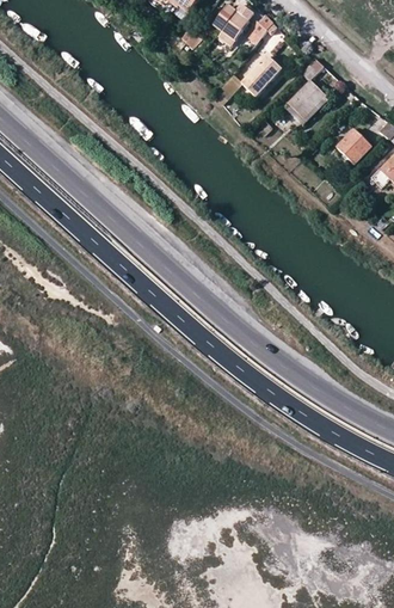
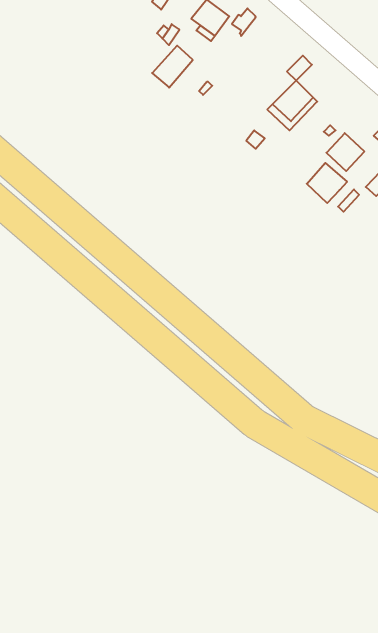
building: [240,57,277,96] -> [152,46,193,88]
building: none -> [307,163,347,203]

